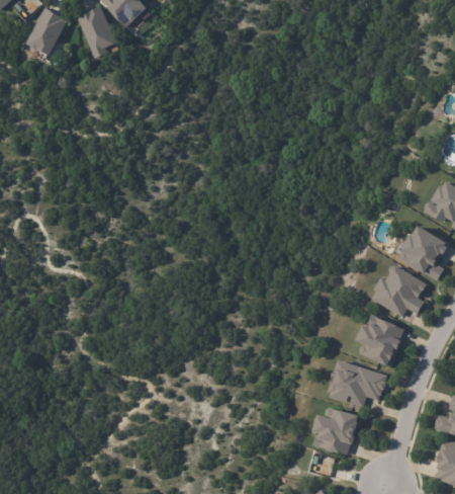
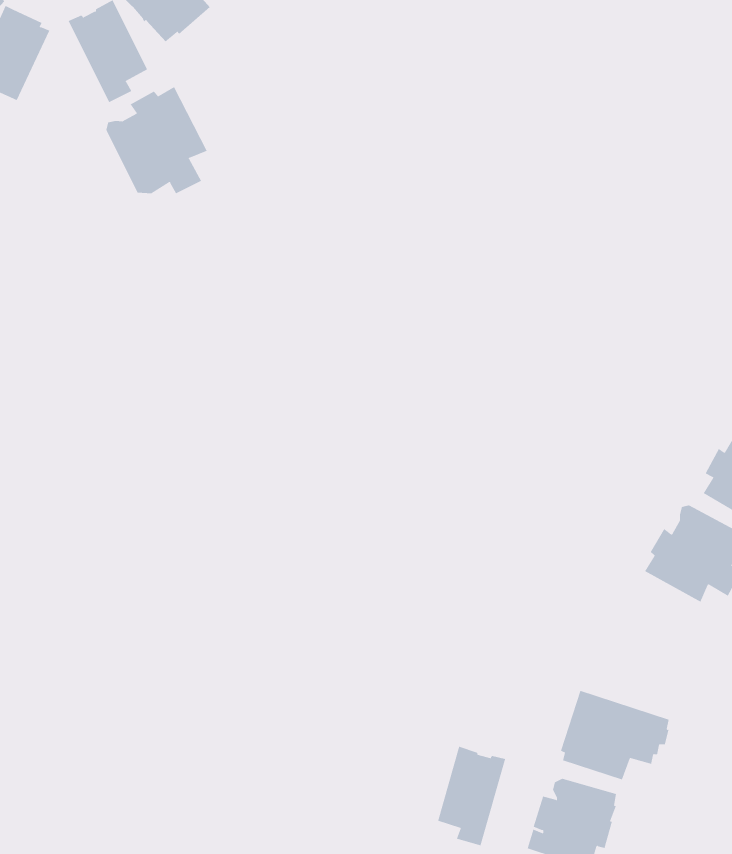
building: none -> [106,86,207,194]
building: [361,315,405,367] -> none
building: none -> [437,746,506,846]

